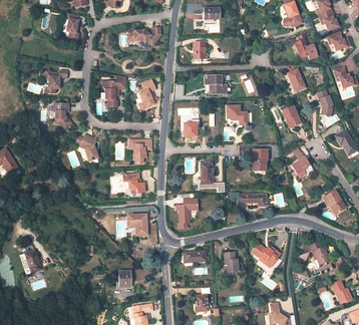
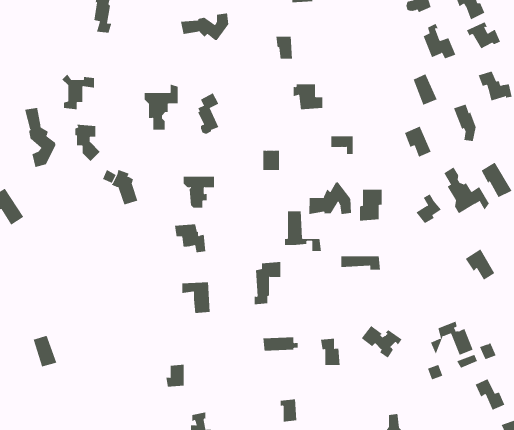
building: none -> [24,107,56,168]
building: none -> [443,167,490,214]
building: none -> [309,181,351,215]

